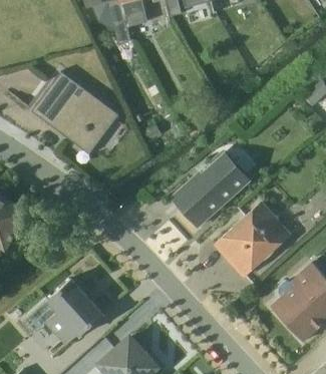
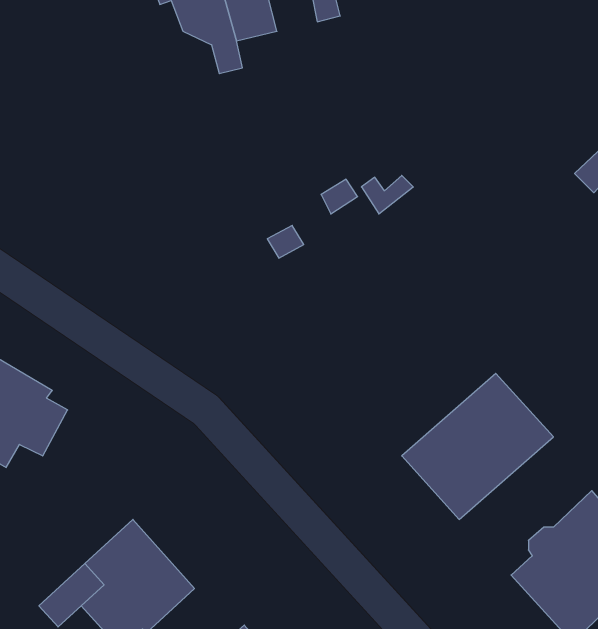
building: [31,72,118,154] -> none
building: [170,150,251,229] -> none

